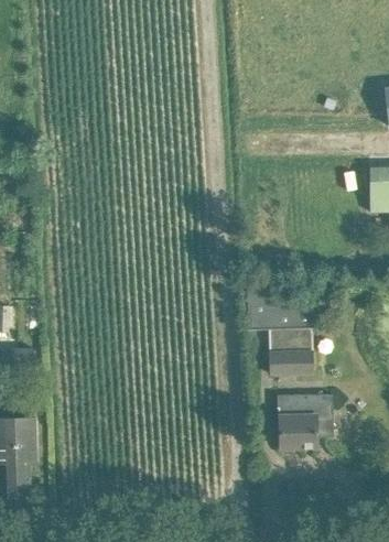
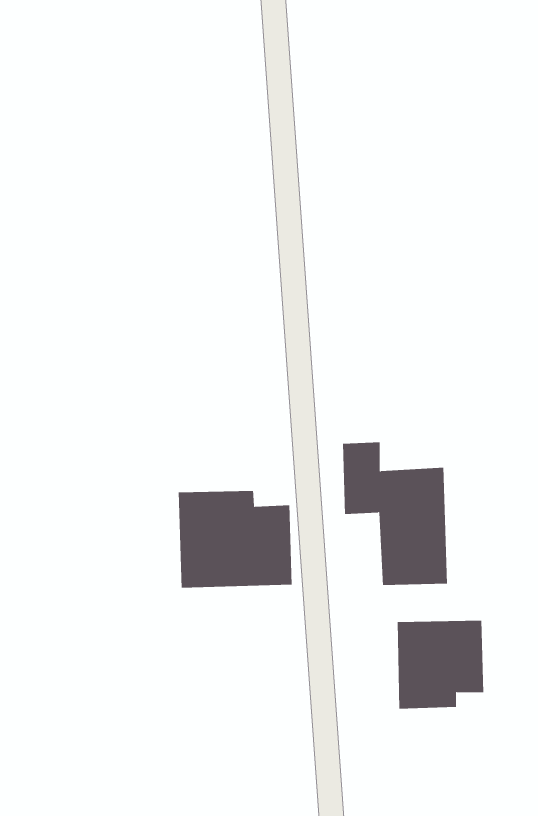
building: none -> [178,490,292,589]

